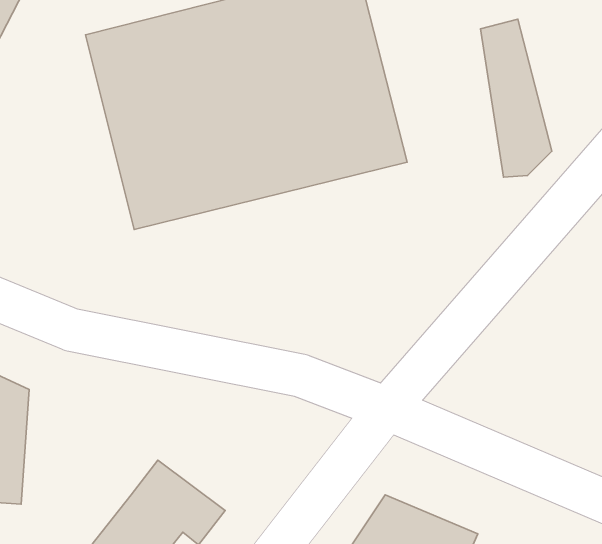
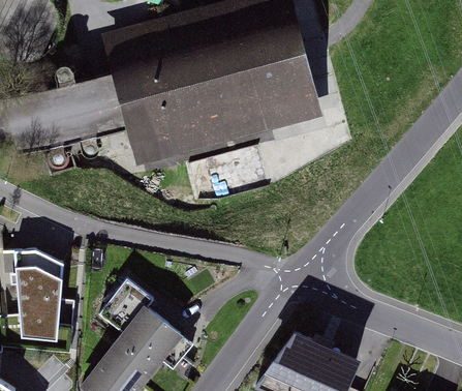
building: [481,19,552,177] -> none
building: none -> [104,284,154,336]

